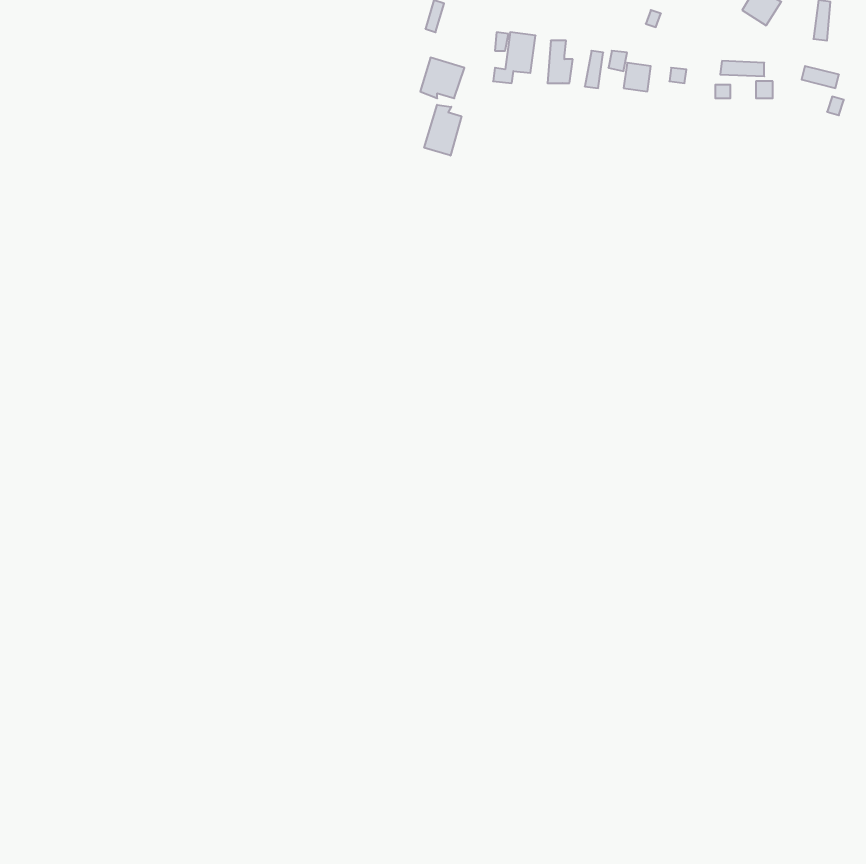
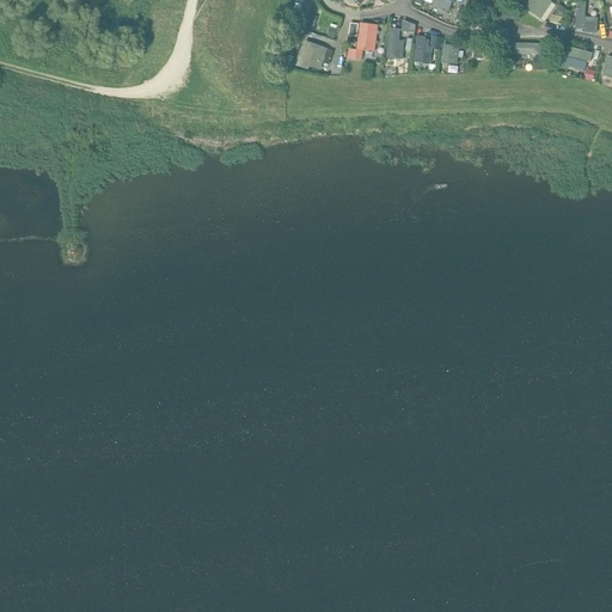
building: [424,105,461,156] -> none

